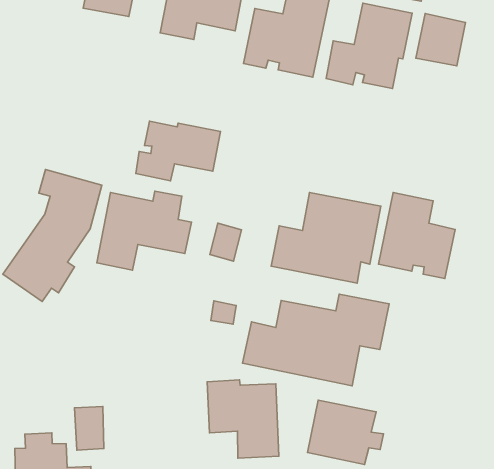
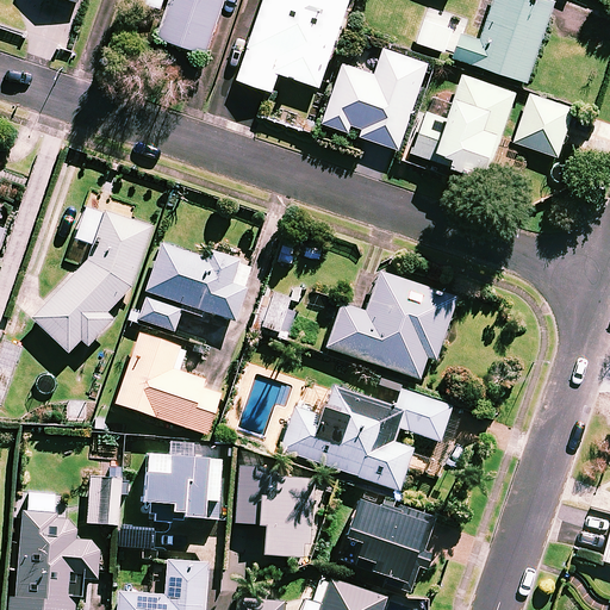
building: [136,121,220,181] -> none
building: [379,193,455,279] -> none
building: none -> [117,332,222,432]
building: none -> [144,448,219,522]

